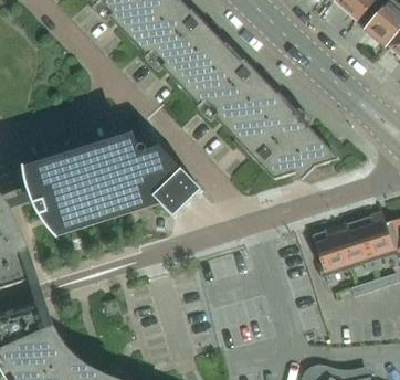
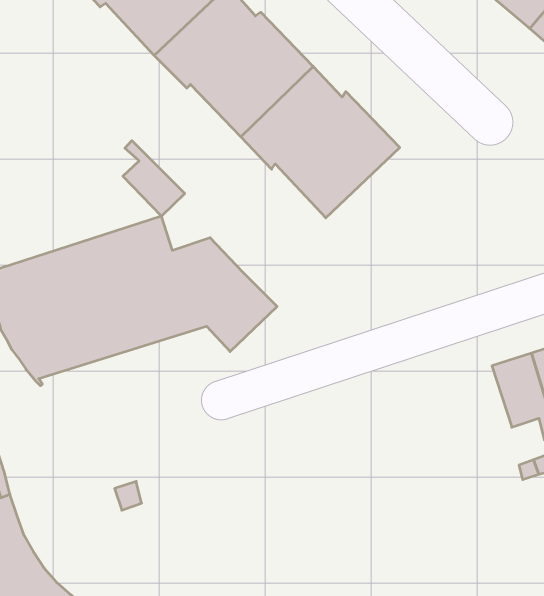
building: none -> [123,141,185,216]
building: [233,92,340,178] -> none
building: [314,225,347,283] -> none

